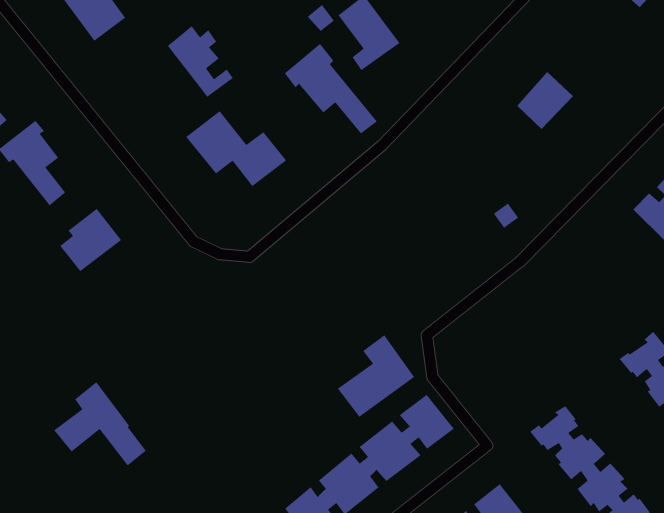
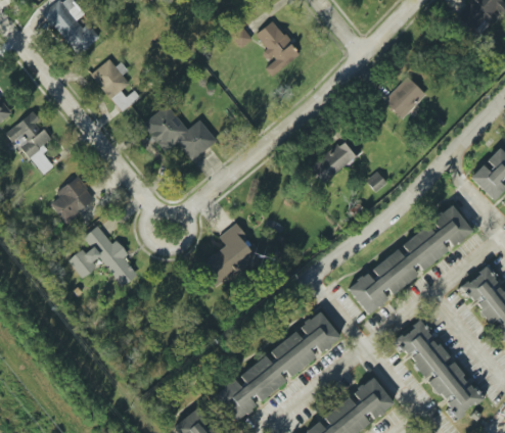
building: [167,25,234,98] -> [92,58,141,111]
building: [284,43,378,135] -> none
building: none -> [311,138,362,181]
building: none -> [349,204,472,314]
building: [337,334,415,418] -> [201,224,259,285]
building: [53,381,147,466] -> [70,224,138,286]

